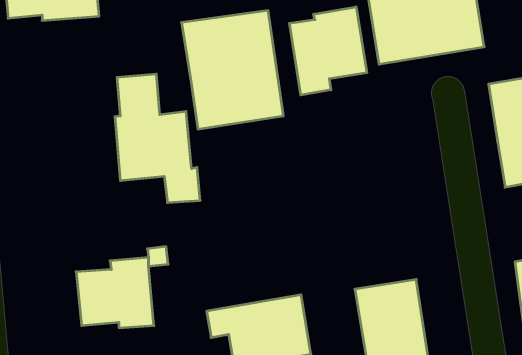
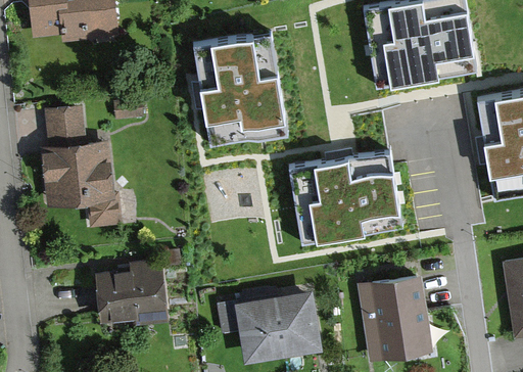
building: [289,7,367,95] -> none
building: [115,74,200,203] -> [42,107,122,227]
building: none -> [289,144,406,242]

